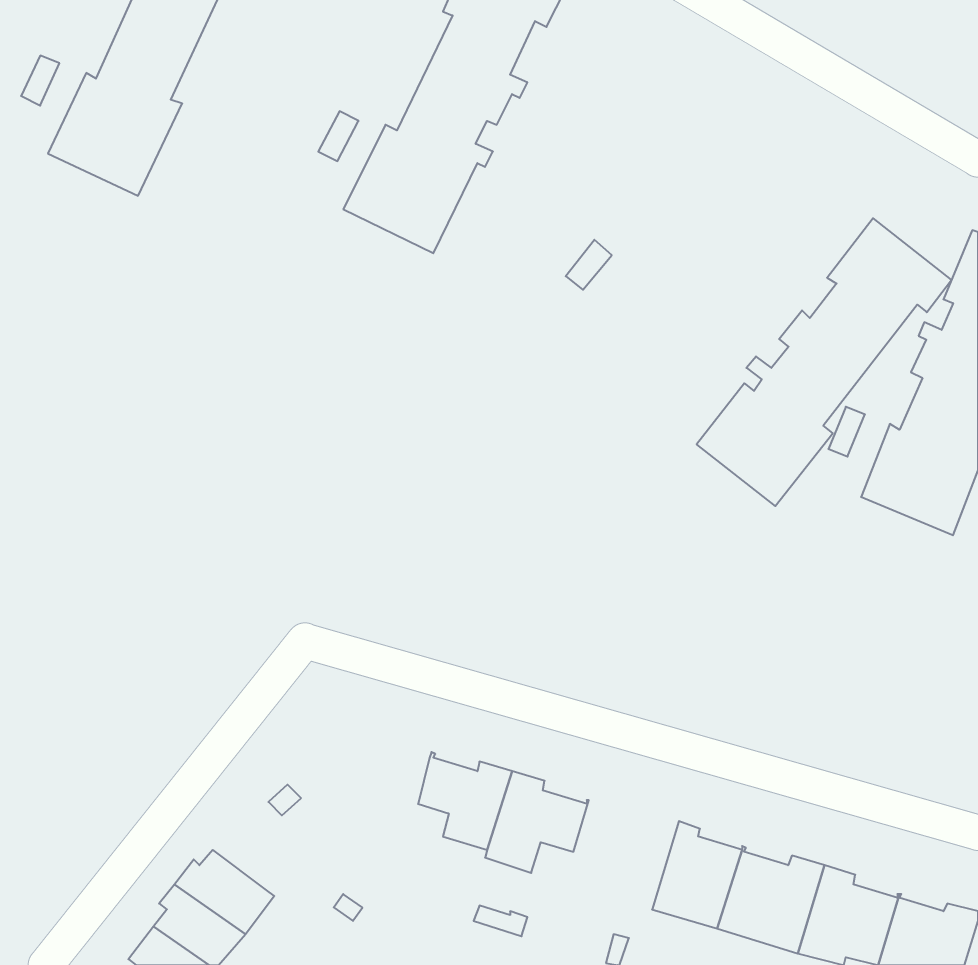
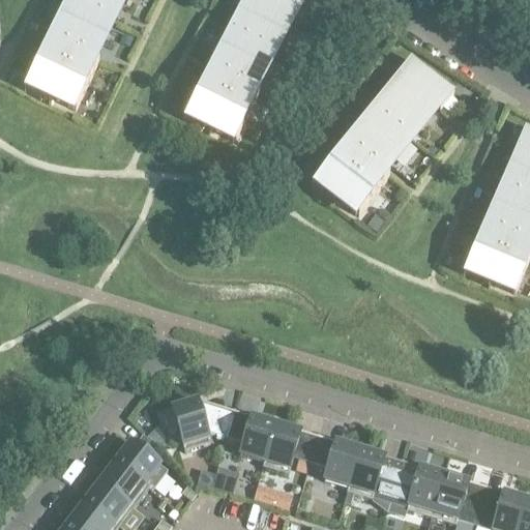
building: [697,218,952,506] -> [315,56,452,211]
building: none -> [163,398,232,447]
building: none -> [115,432,167,487]
building: none -> [310,432,366,491]

